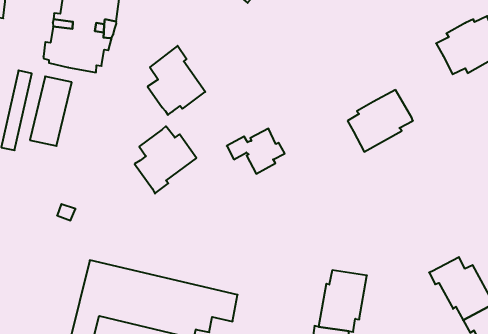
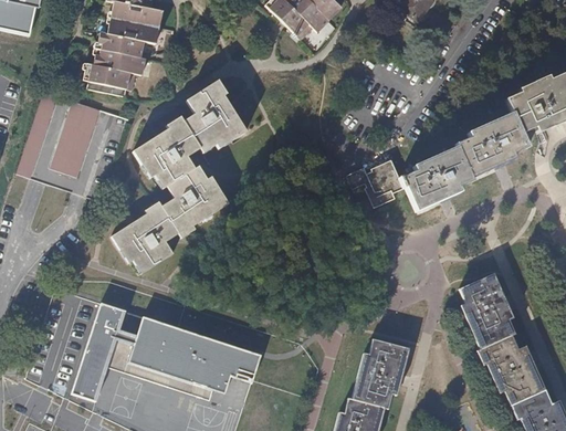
building: none -> [454,113,526,178]
building: none -> [134,115,201,189]
building: [227,129,285,174] -> [343,159,406,208]
building: none -> [113,201,180,274]
building: none -> [460,272,515,348]

